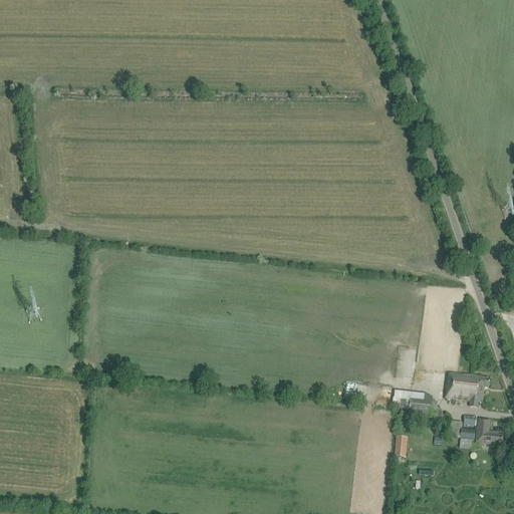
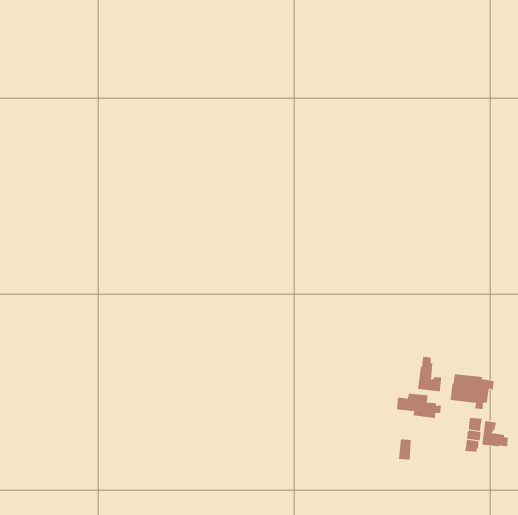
building: none -> [418,356,442,392]

